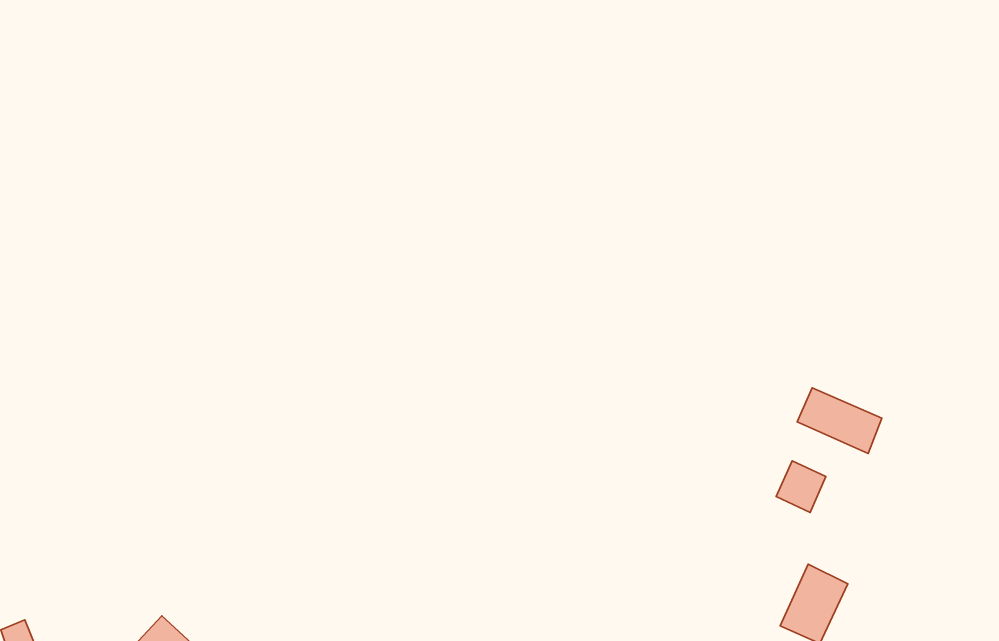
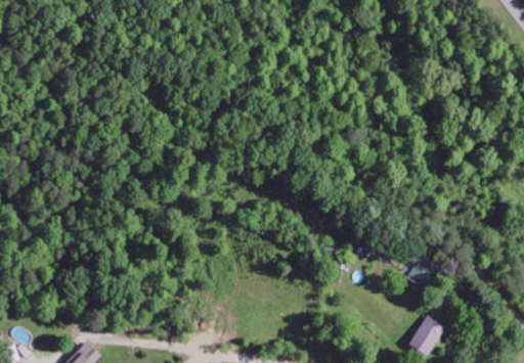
building: [797,388,882,454] -> none

